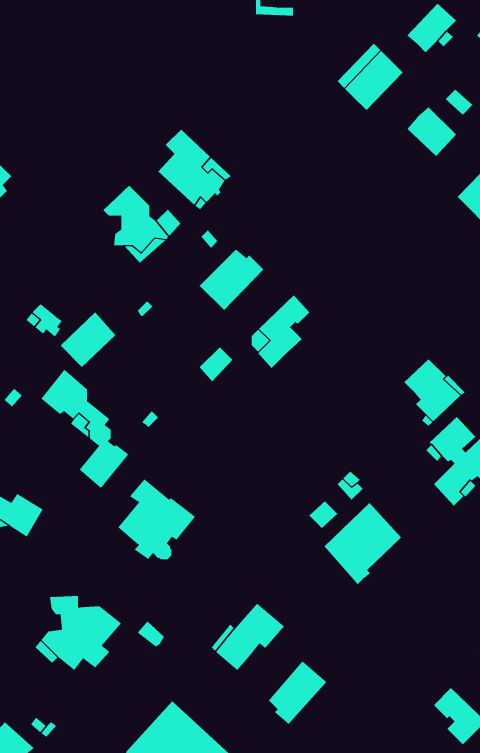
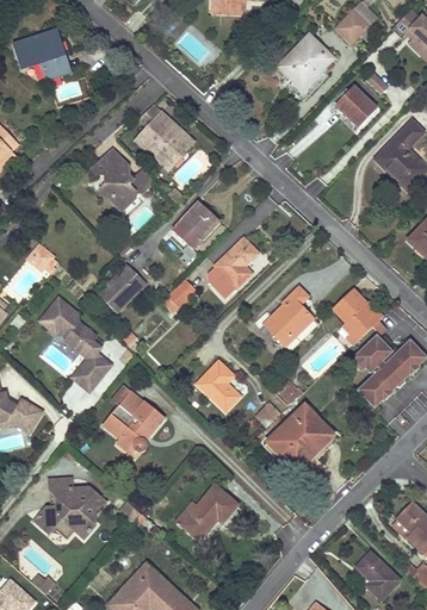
building: none -> [16,31,69,79]
building: [60,311,116,368] -> [99,267,144,312]
building: none -> [265,286,312,343]
building: none -> [197,360,240,410]
building: [268,661,327,725] -> none

